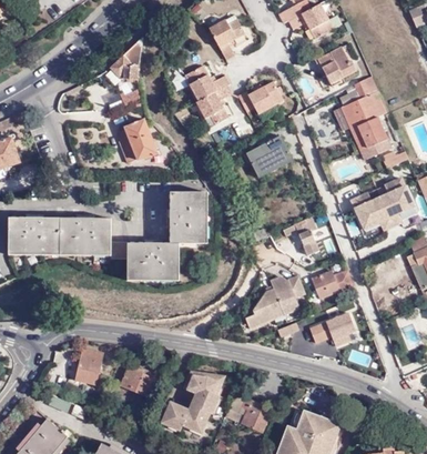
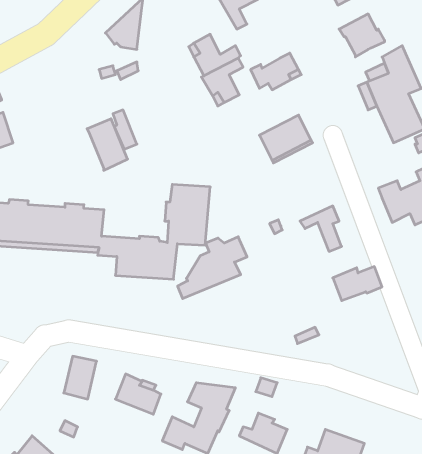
building: [124,118,160,163] -> [87,119,128,170]
building: [245,275,306,330] -> [178,237,247,299]
building: [308,312,355,346] -> none

